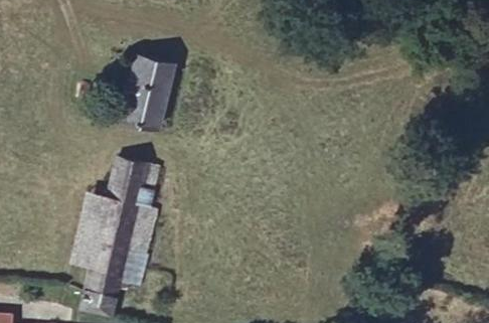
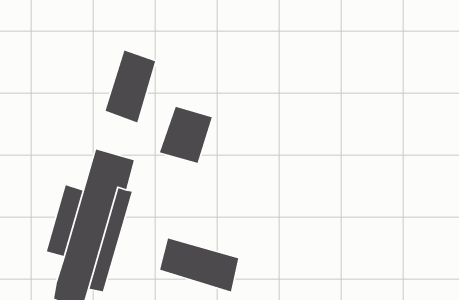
building: none -> [159,106,213,164]
building: none -> [159,237,239,292]

